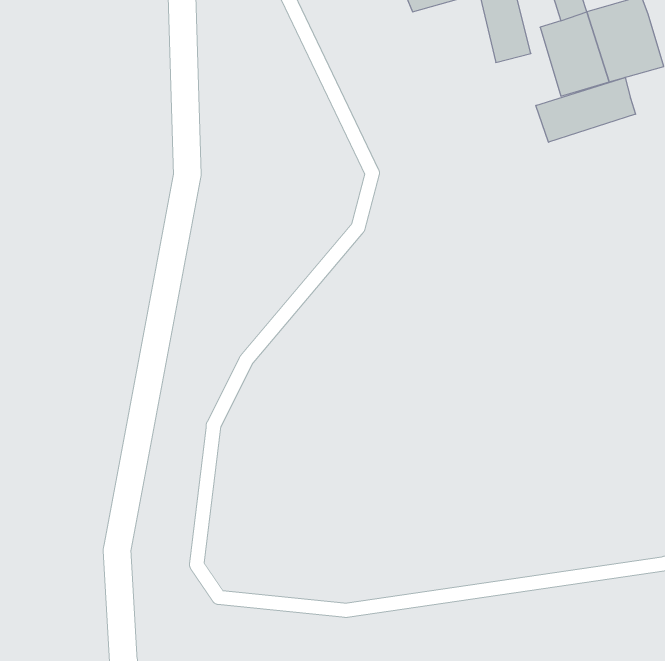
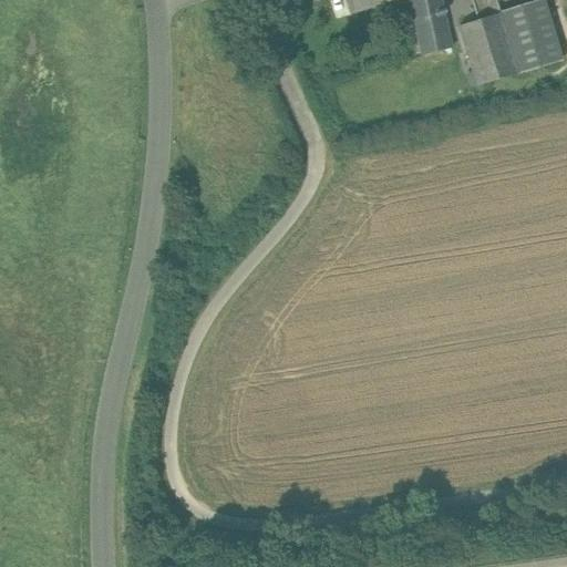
building: [536,77,636,142] -> none

